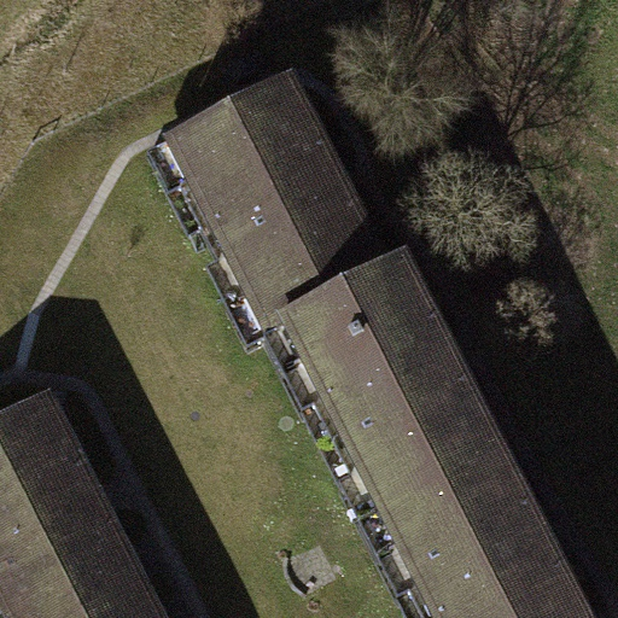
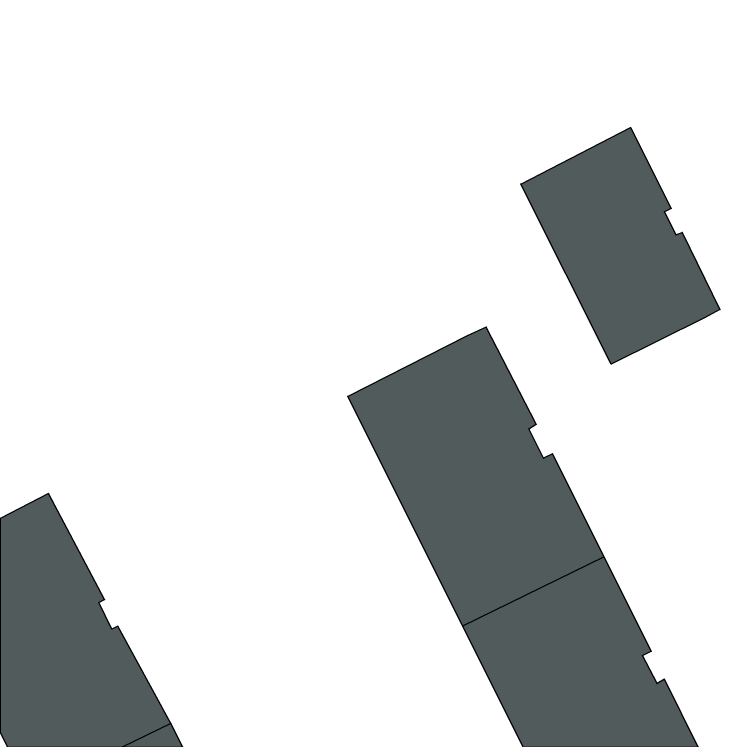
building: [179,87,390,333] -> none
building: none -> [521,128,720,364]

